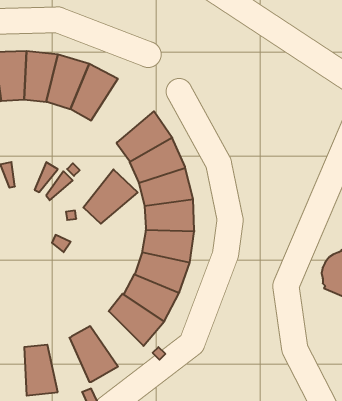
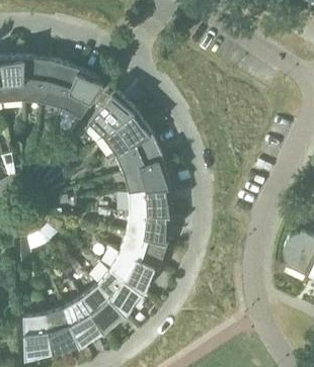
building: [83,169,138,224] -> [88,91,136,139]
building: none -> [80,286,127,335]
building: none -> [43,309,79,357]

